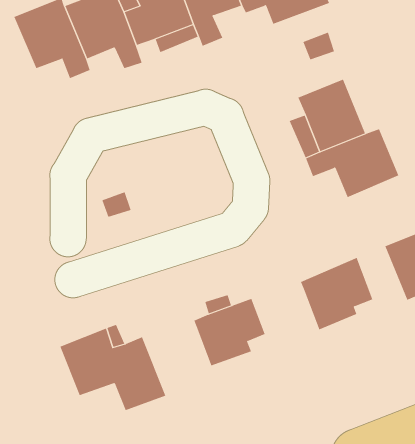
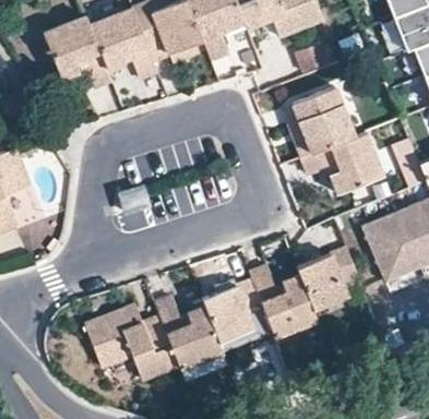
building: none -> [247,263,314,335]
building: none -> [151,295,219,366]

